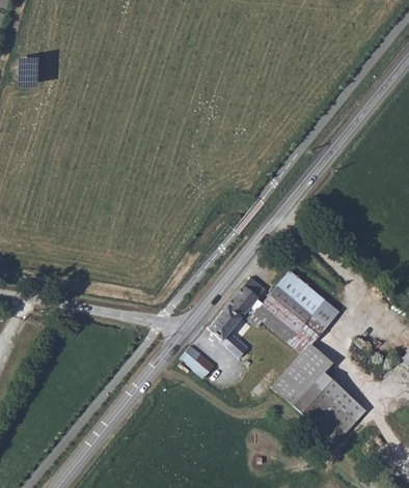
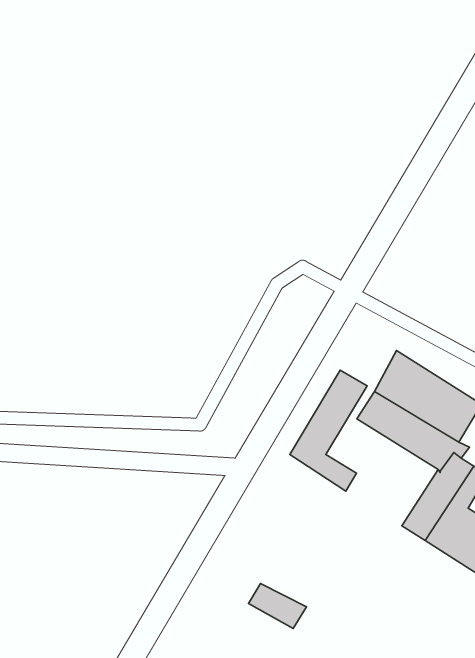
building: [182,349,218,380] -> [249,584,307,628]

